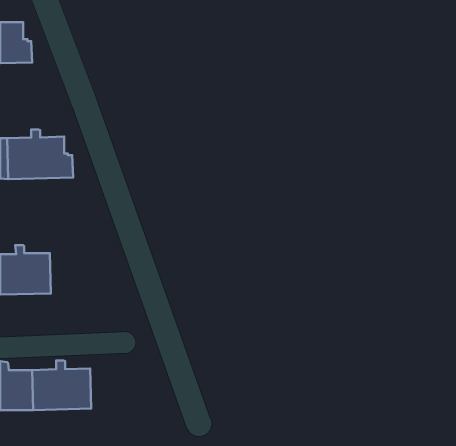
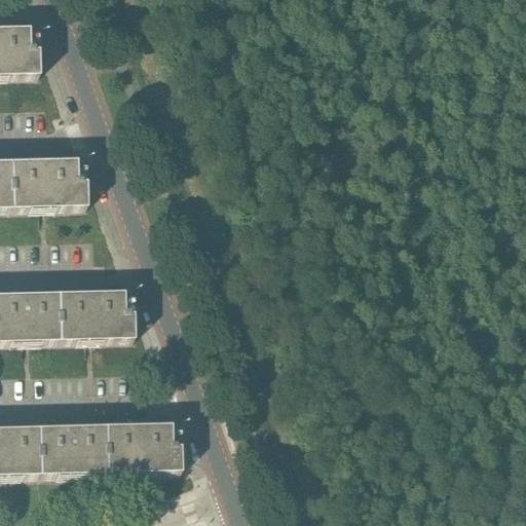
building: none -> [58,280,132,338]
building: none -> [104,413,179,471]

